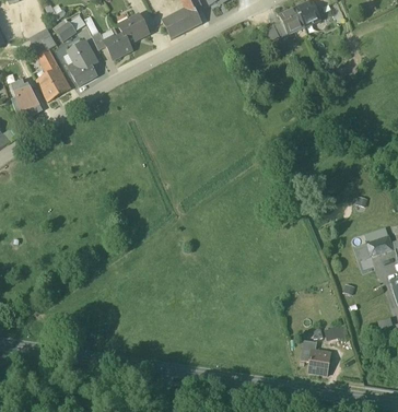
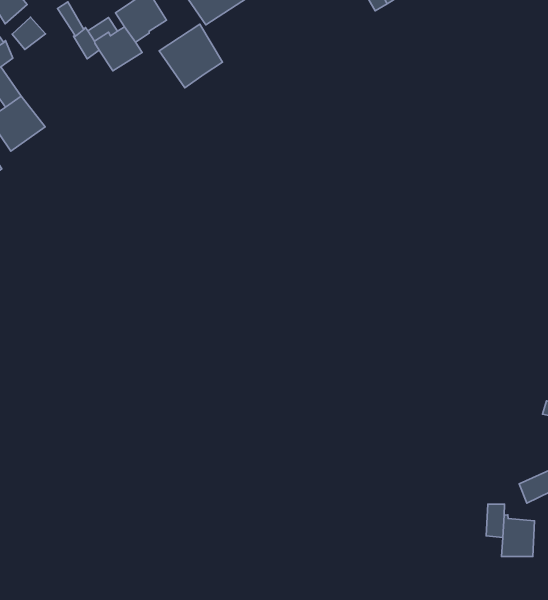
building: none -> [159,24,222,88]
building: [67,43,96,86] -> none

